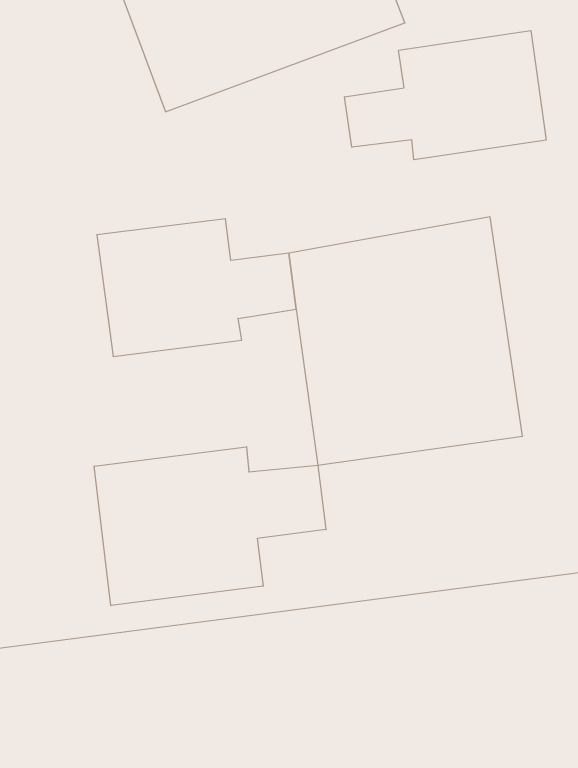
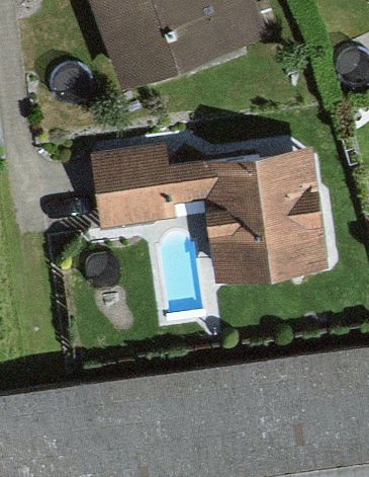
building: [345,31,546,160] -> none
building: [94,447,326,606] -> none

